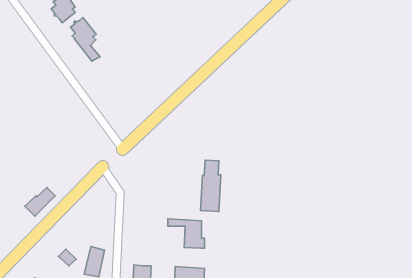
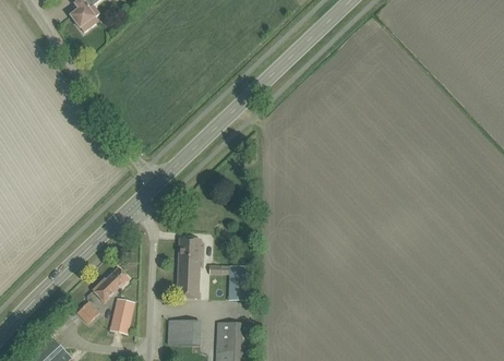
building: [71,18,100,61] -> none
building: [201,160,221,211] -> [176,237,200,298]
building: [25,188,55,216] -> [92,267,128,301]

